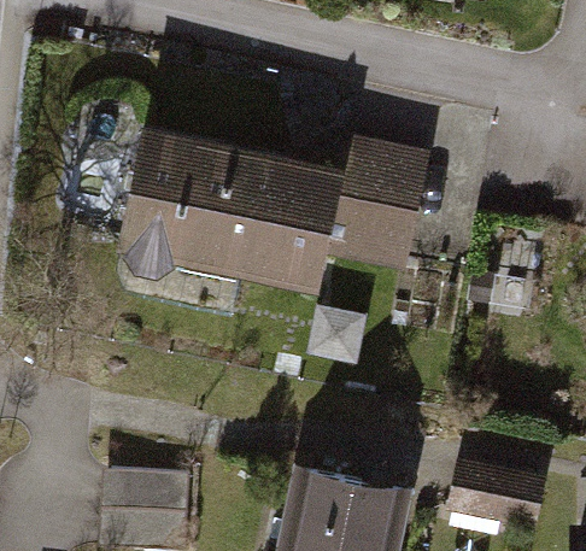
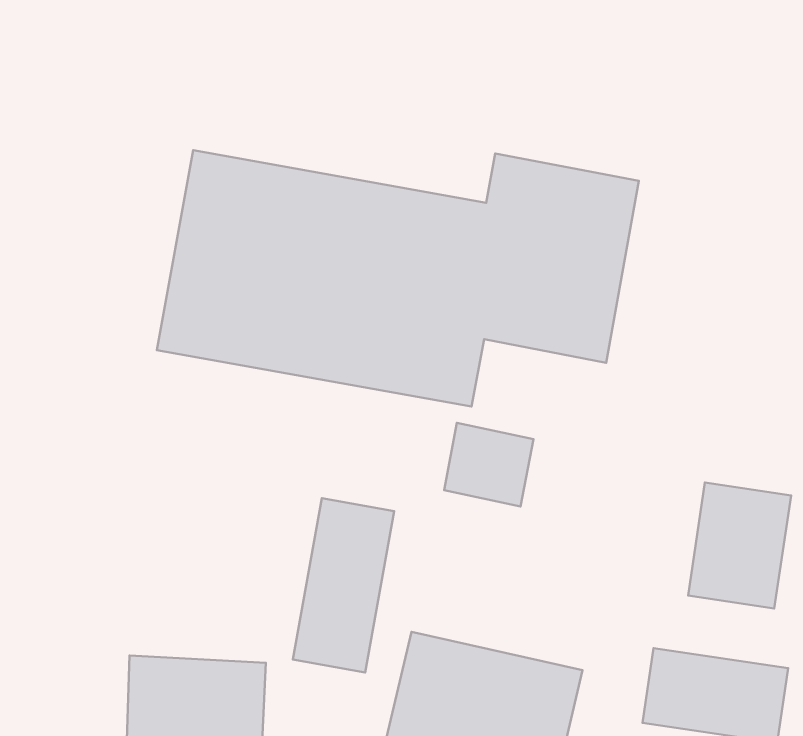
building: none -> [688,482,791,608]
building: none -> [293,498,394,673]

